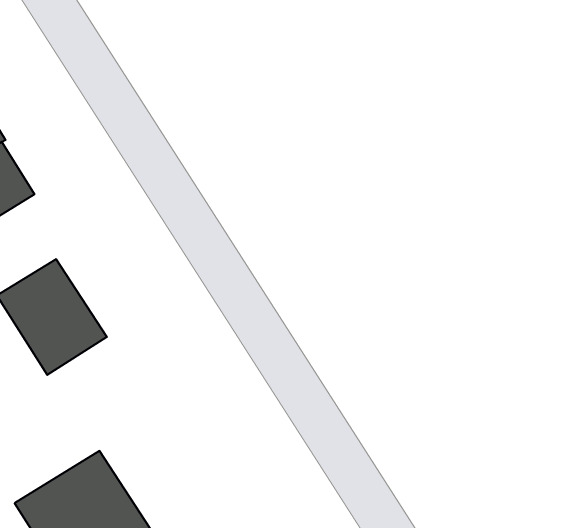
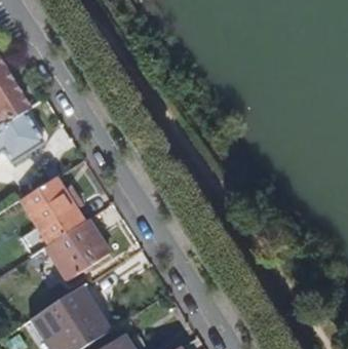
building: none -> [47,221,109,280]

